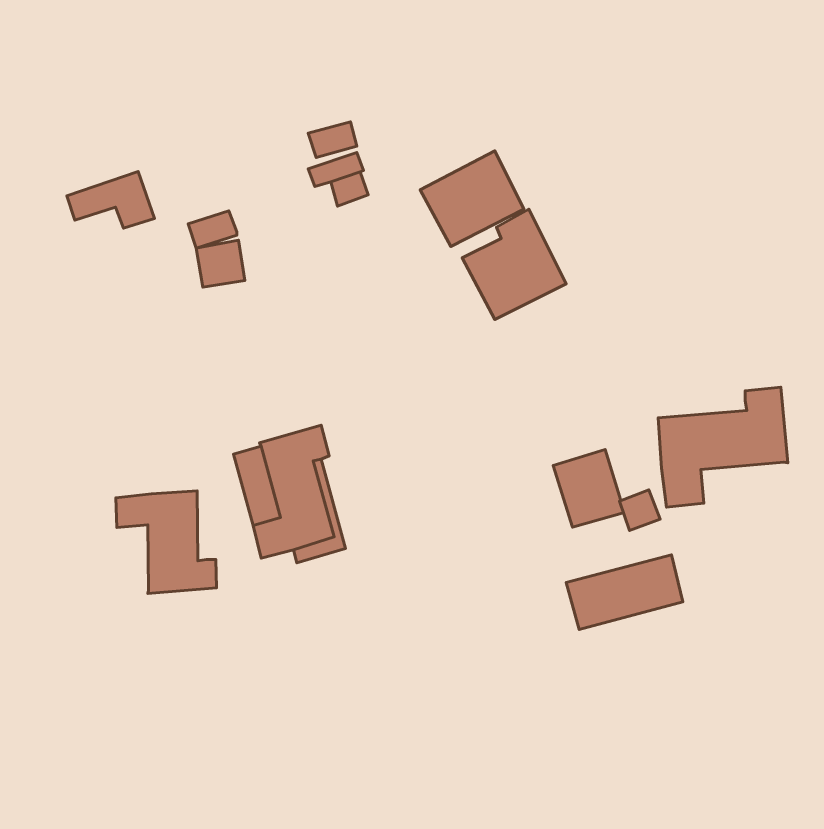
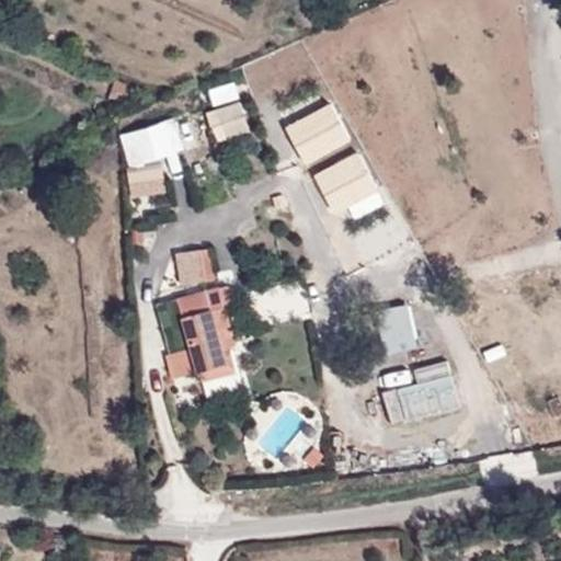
building: [67,172,154,228] -> [122,118,181,157]
building: none -> [175,249,211,285]
building: [658,387,788,507] -> none
building: [116,491,217,594] -> none

